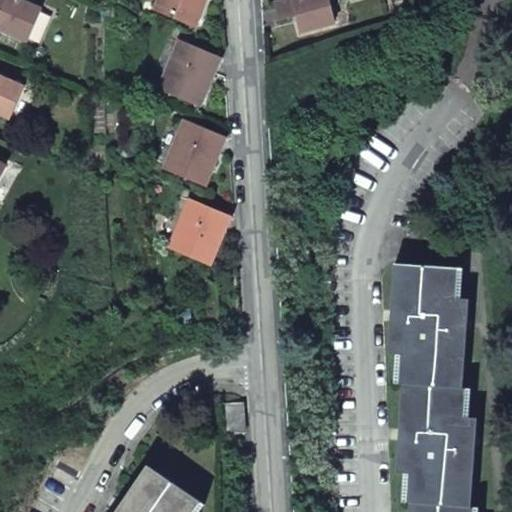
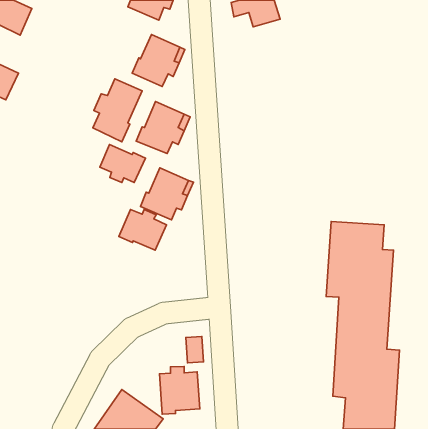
building: none -> [93,79,142,142]
building: none -> [100,144,145,183]
building: none -> [119,209,166,250]
building: none -> [159,366,200,414]

